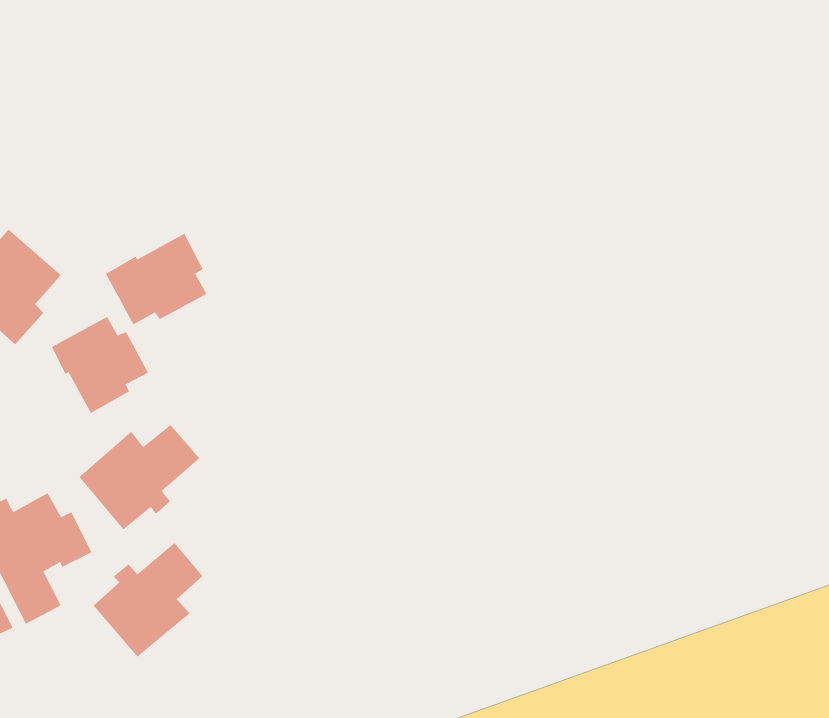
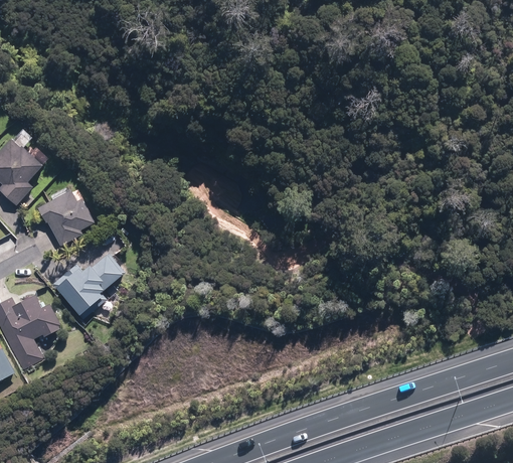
building: [105,233,207,325] -> none
building: [93,542,203,657] -> none

